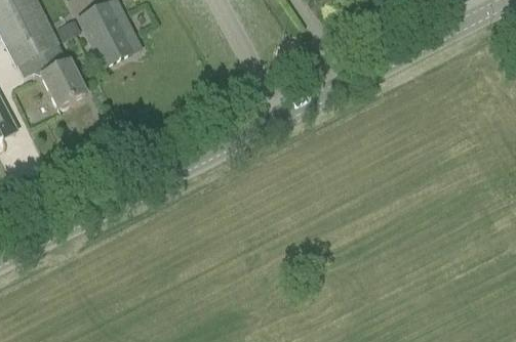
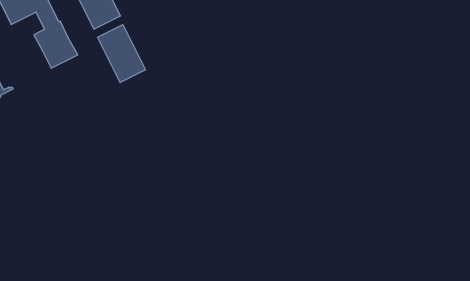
building: none -> [97,25,145,83]

